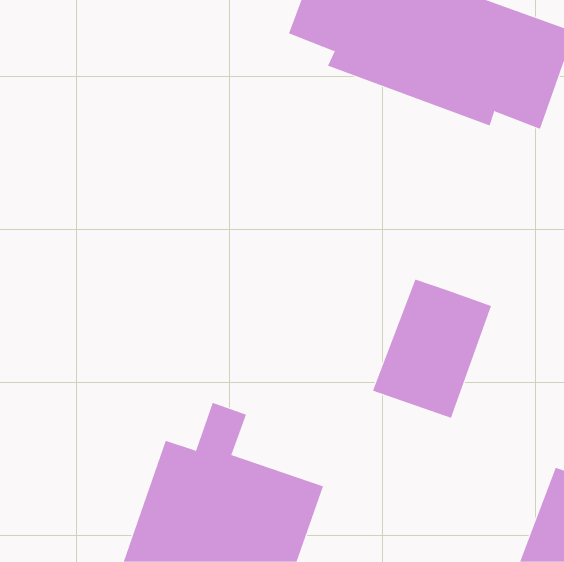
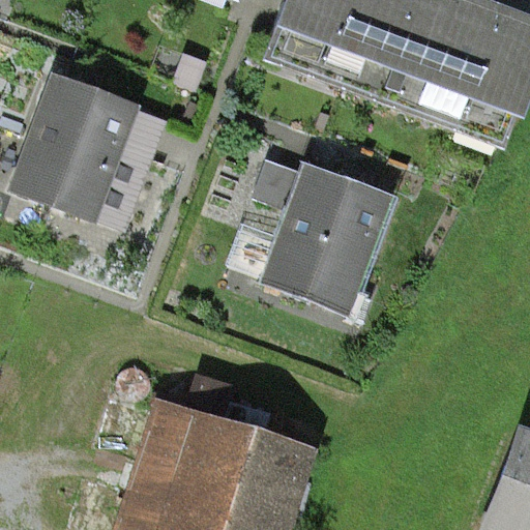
building: none -> [21,80,160,219]
building: [372,279,492,419] -> [270,172,381,301]

